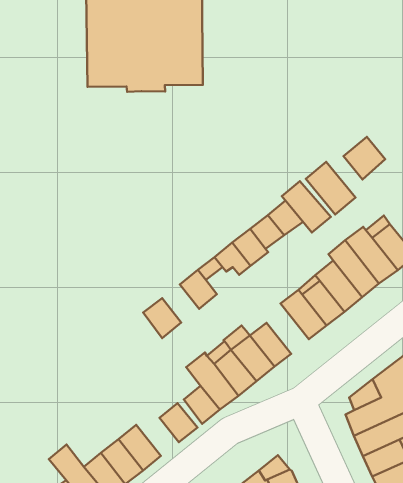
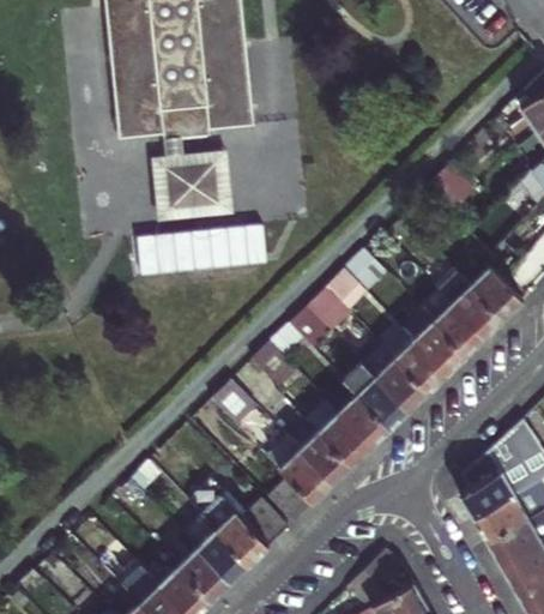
building: none -> [155,138,236,221]
building: [306,162,355,215] -> none
building: none -> [134,224,264,276]
building: [282,181,331,232] -> none
building: none -> [343,361,409,428]
building: none -> [203,495,268,562]

